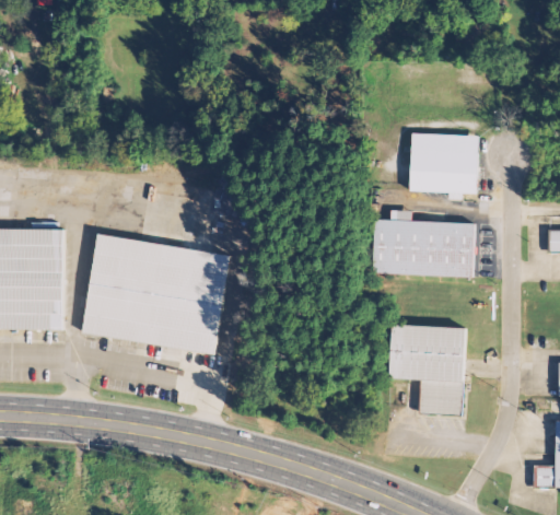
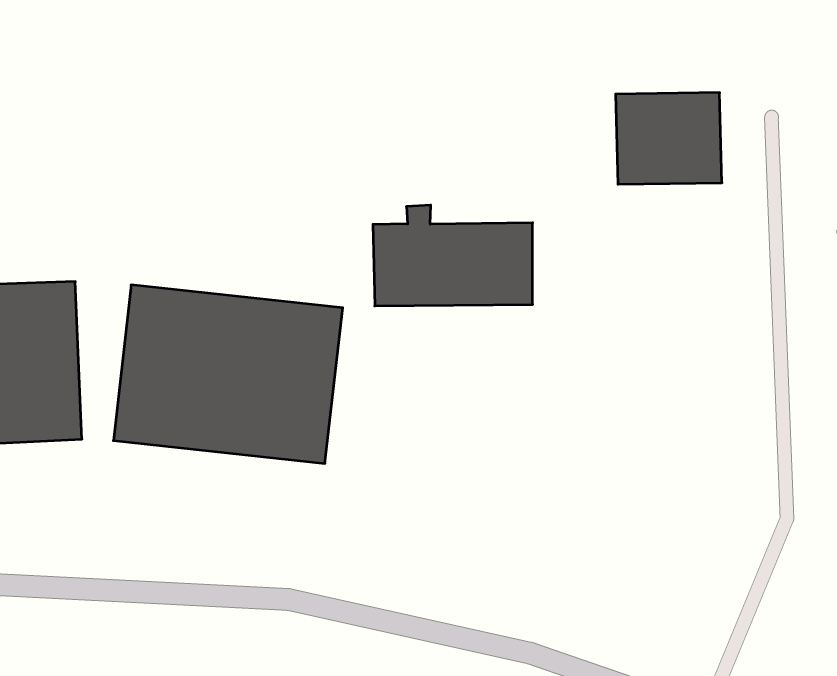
building: [371,209,474,276] -> [373,205,533,306]
building: [389,324,467,415] -> none

